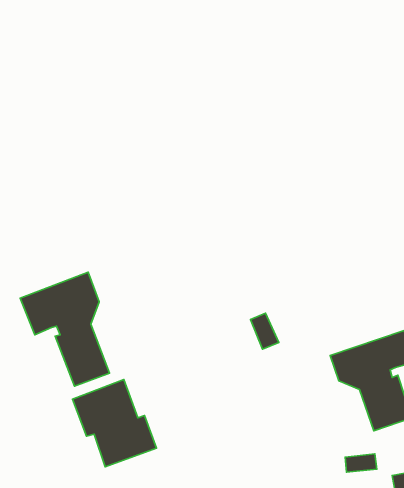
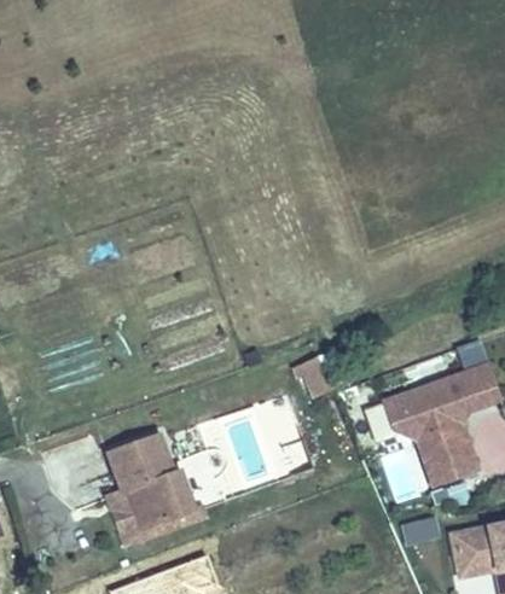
building: [20,272,109,386] -> none

